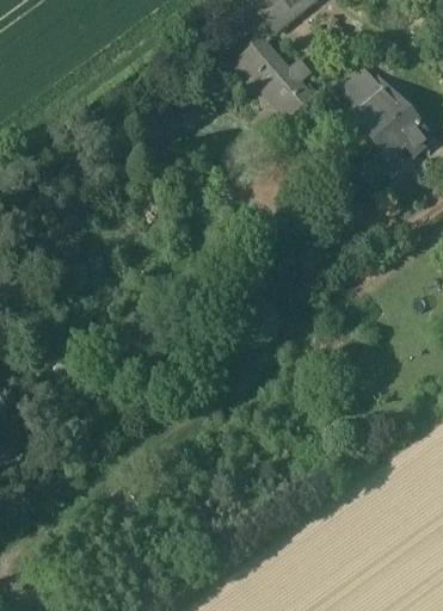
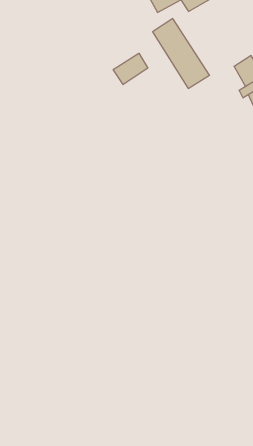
building: none -> [113,53,148,85]

